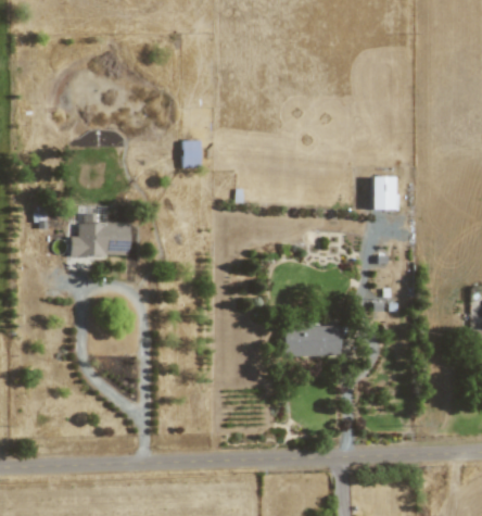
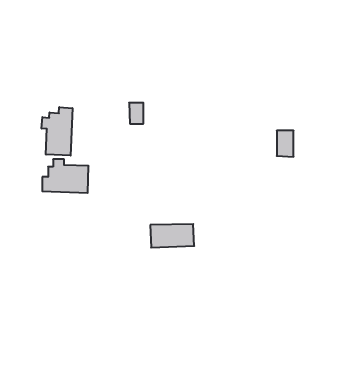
building: none -> [42,107,72,156]
building: [286,326,342,356] -> [150,224,194,248]

